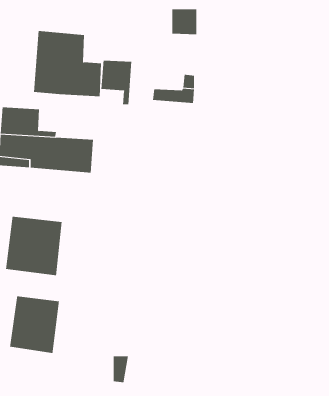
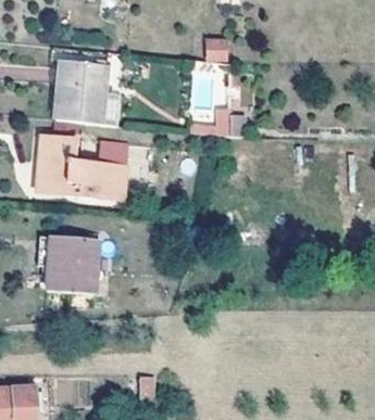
building: [101,60,132,105] -> none
building: [10,295,59,354] -> none

